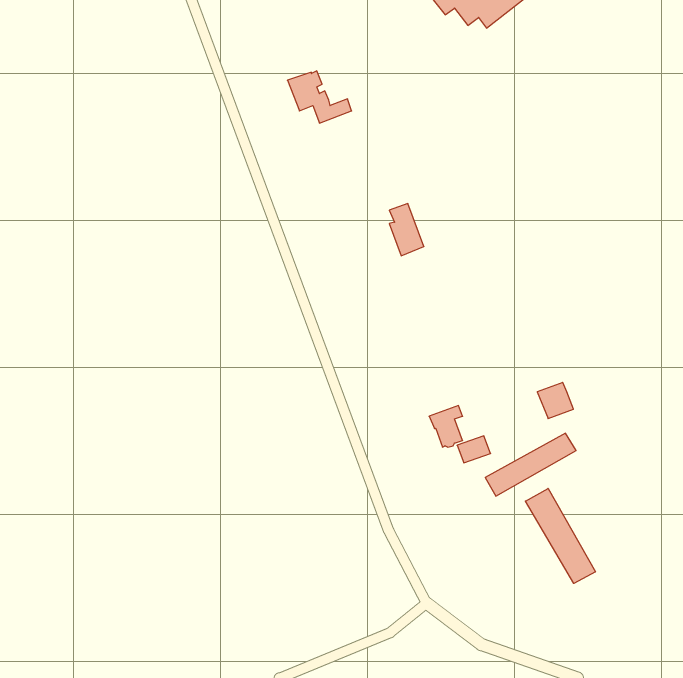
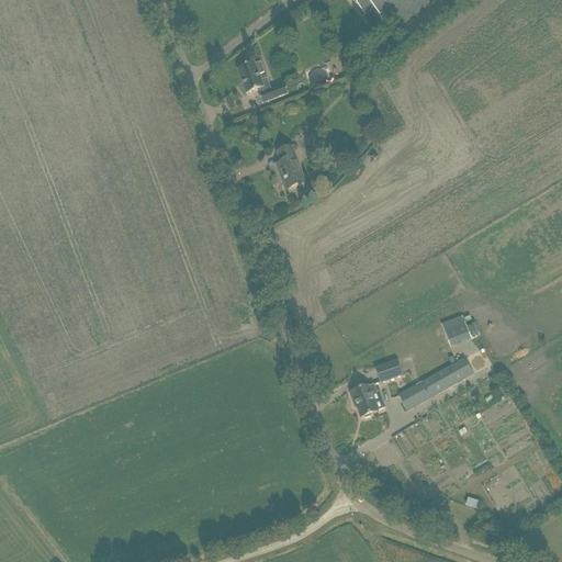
building: [389,204,424,256] -> [277,145,305,188]
building: [429,406,463,447] -> [350,381,378,415]
building: [525,488,595,583] -> none

